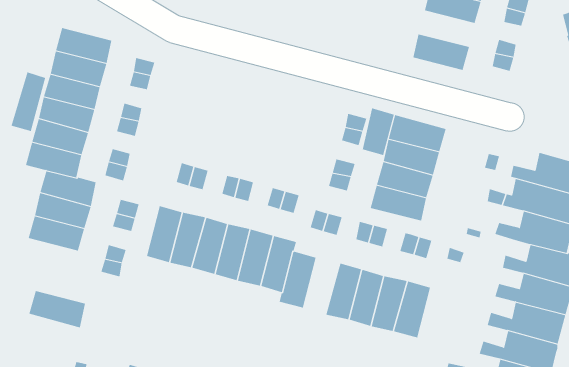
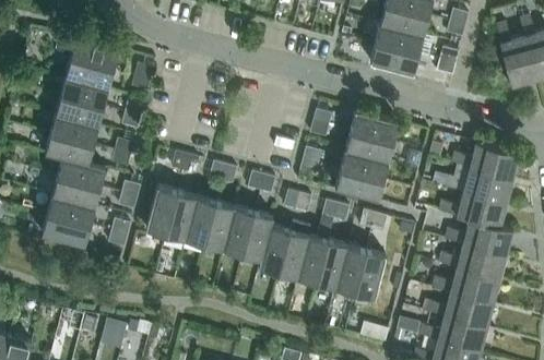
building: none -> [375,23,423,53]
building: [11,71,46,132] -> none
building: [362,107,395,156] -> none
building: none -> [279,230,309,278]
building: [29,291,86,328] -> [42,214,90,245]

